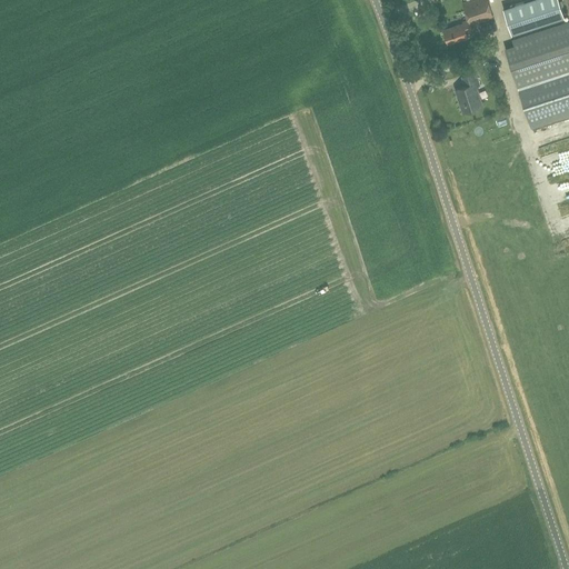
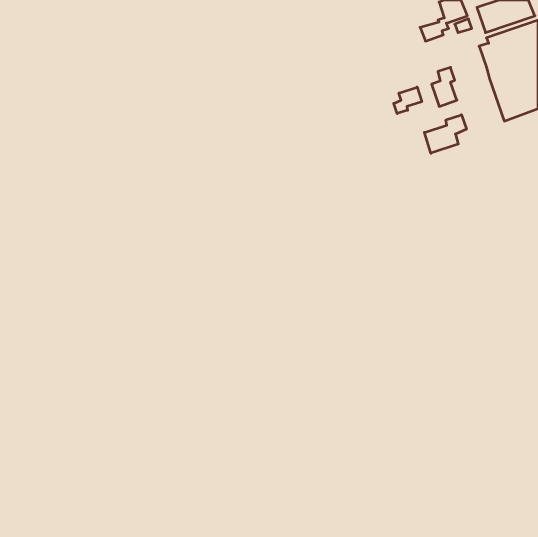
building: none -> [394,87,422,114]
building: none -> [424,115,466,153]

